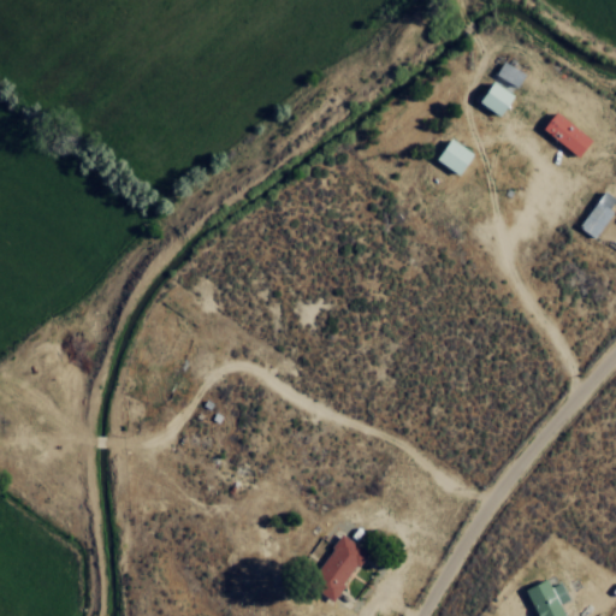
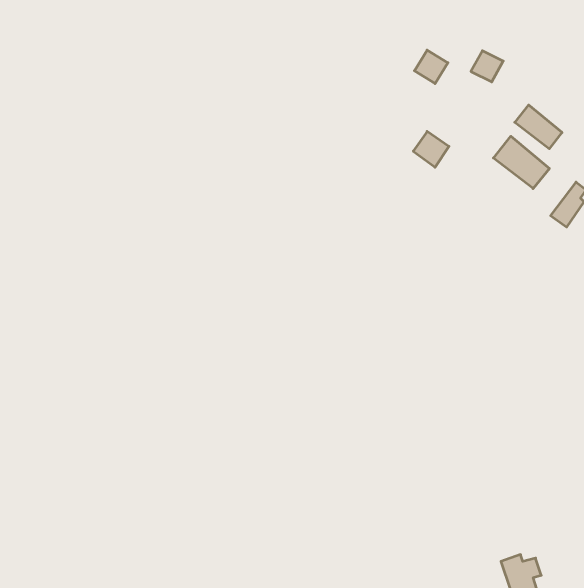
building: [479,81,514,116] -> [414,50,448,84]
building: none -> [493,136,549,189]
building: [309,535,368,602] -> none

